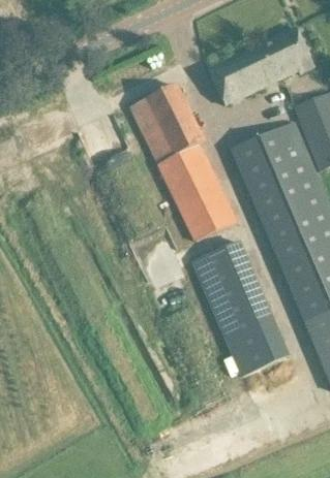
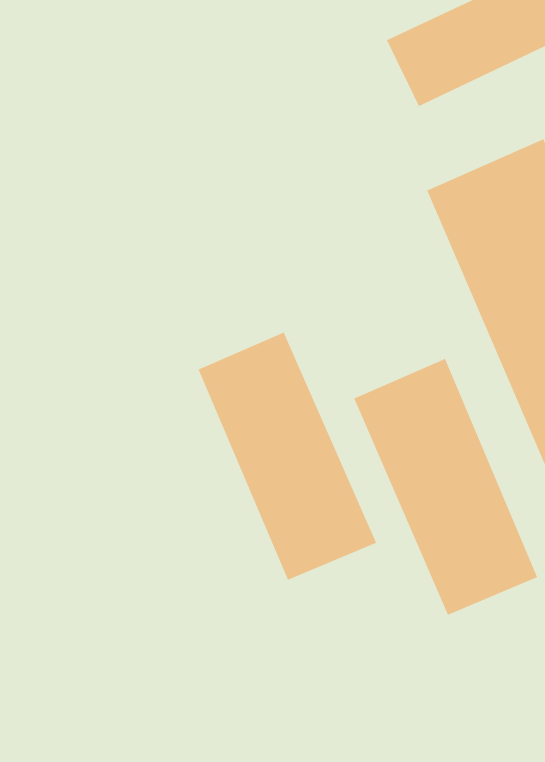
building: [131,84,239,238] -> none
building: none -> [197,331,377,581]

